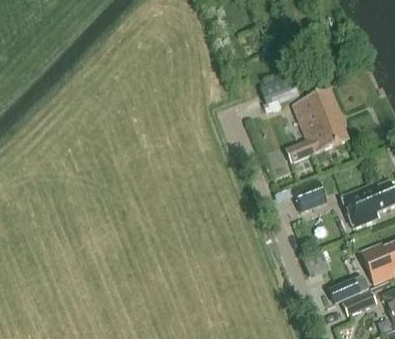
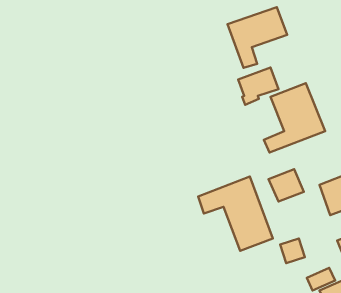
building: none -> [228,7,287,68]
building: none -> [198,176,273,251]

